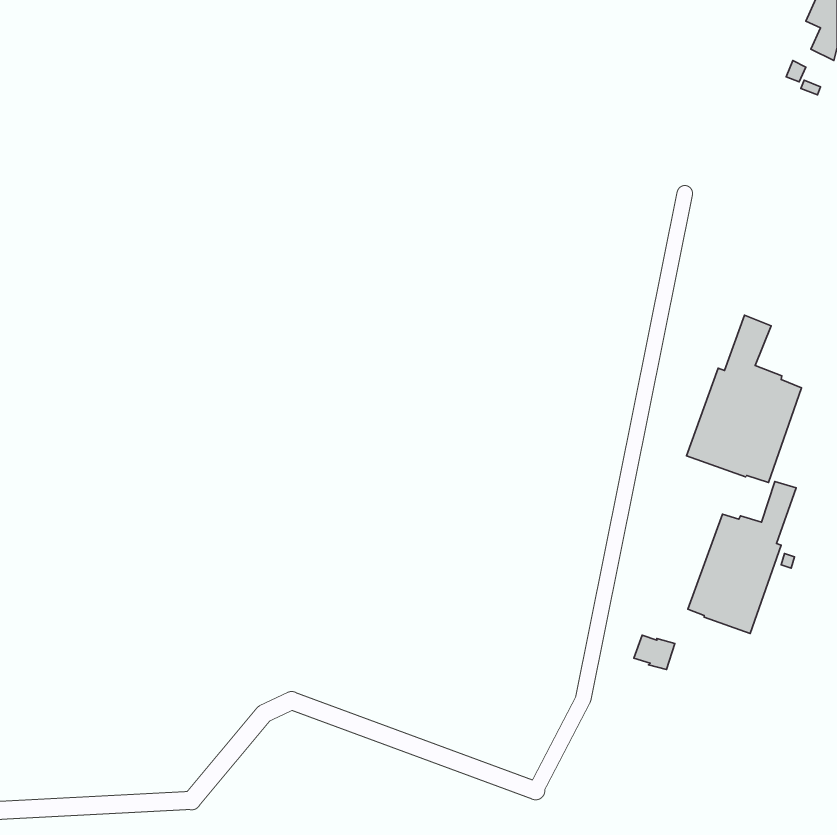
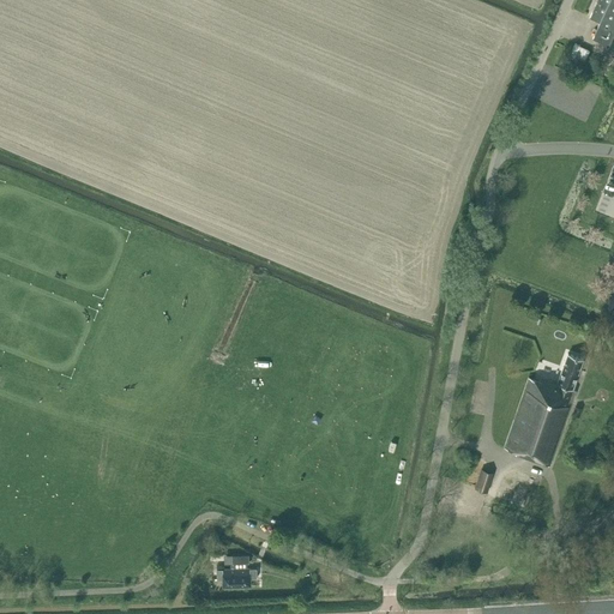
building: [686,315,802,483] -> none
building: none -> [217,567,257,585]

